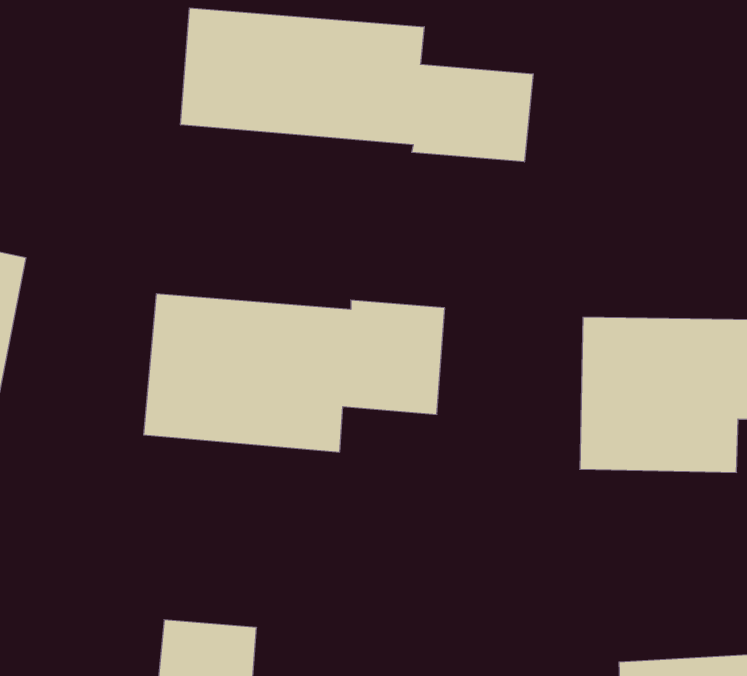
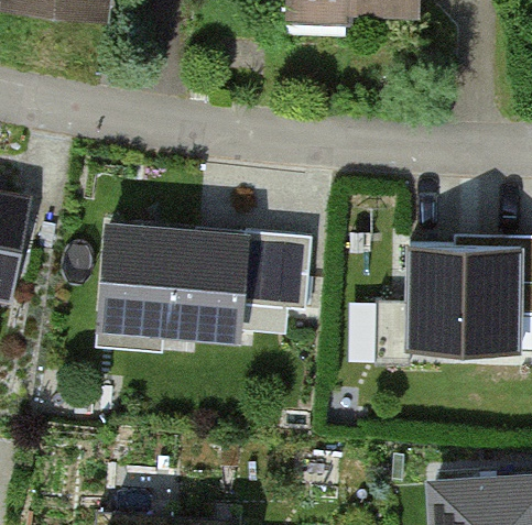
building: [181,8,533,162] -> none

